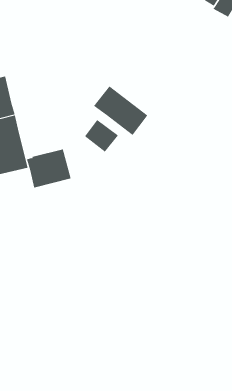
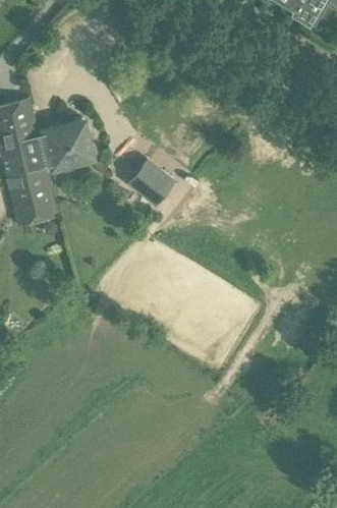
building: [93,85,148,136] -> none
building: [26,149,71,188] -> [37,120,94,170]

